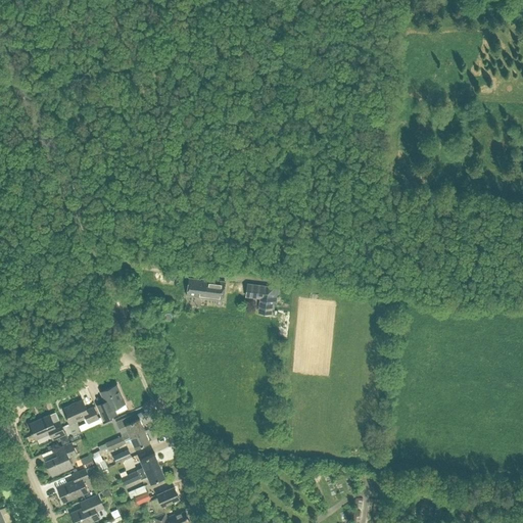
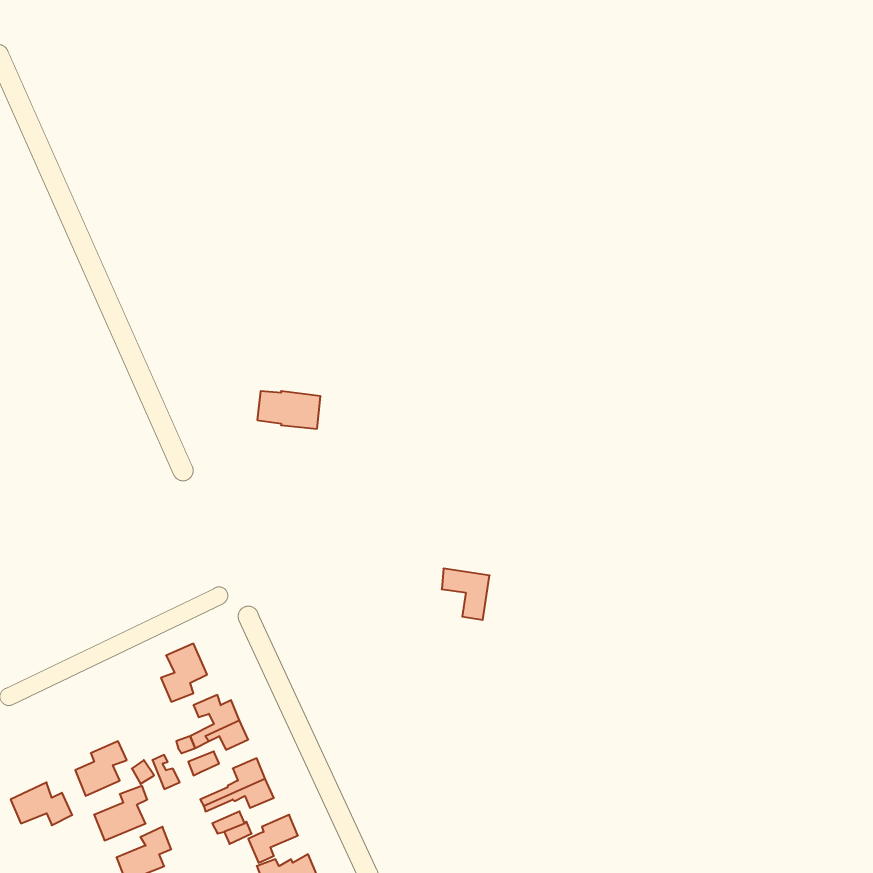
building: [186,279,224,301] -> [257,391,321,429]
building: [245,284,274,315] -> [442,569,490,620]
building: [62,400,99,431] -> none
building: [28,415,64,440] -> [11,782,72,825]

